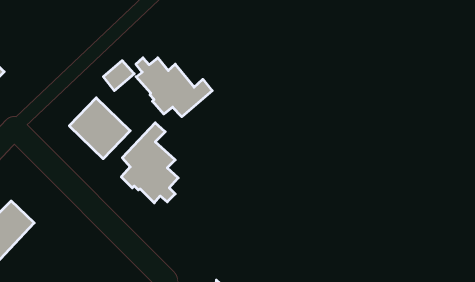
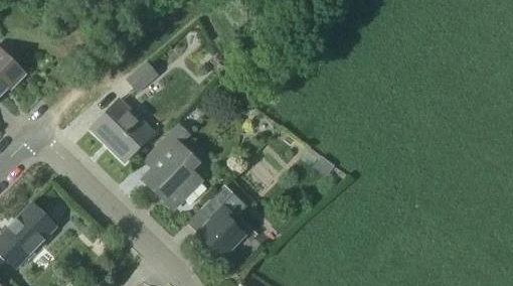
building: [136,58,212,117] -> none
building: none -> [199,184,246,256]

